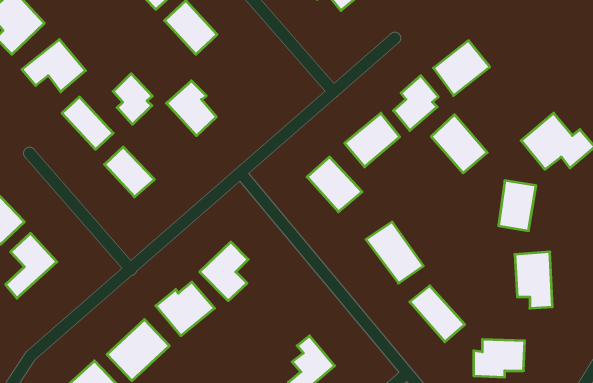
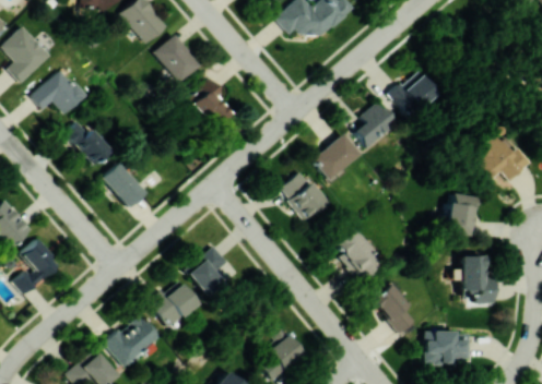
building: [113,74,152,124] -> none
building: [166,81,216,136] -> [190,79,234,127]
building: [431,115,487,173] -> none

